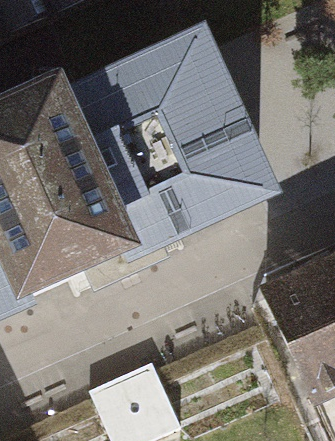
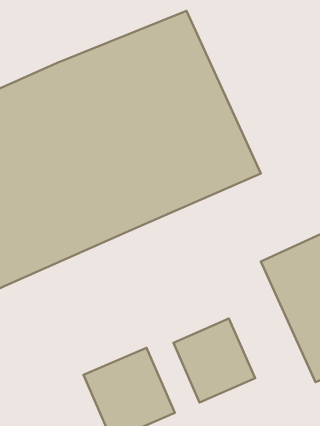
building: none -> [173,318,255,403]

